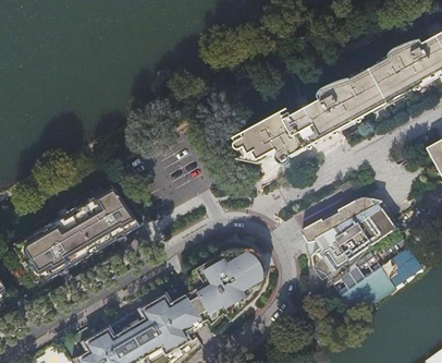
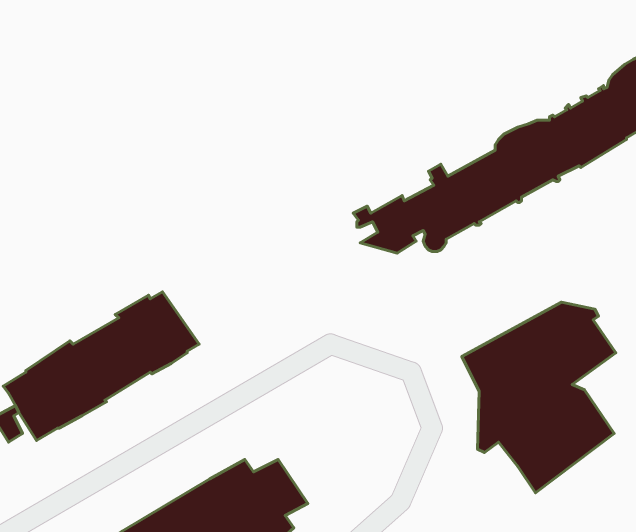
building: [184,247,262,319] -> none

